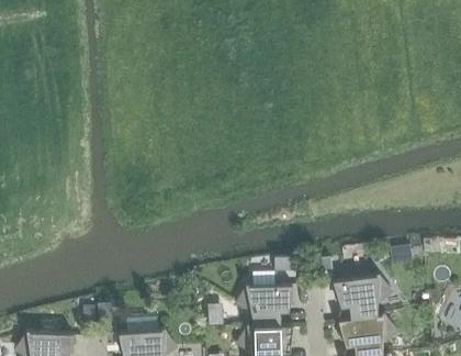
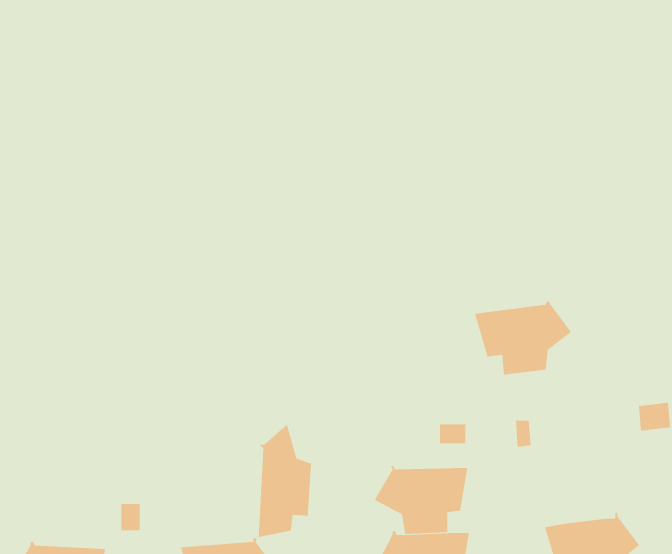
building: none -> [258,424,312,538]
building: [334,275,393,320] -> [474,301,572,375]

